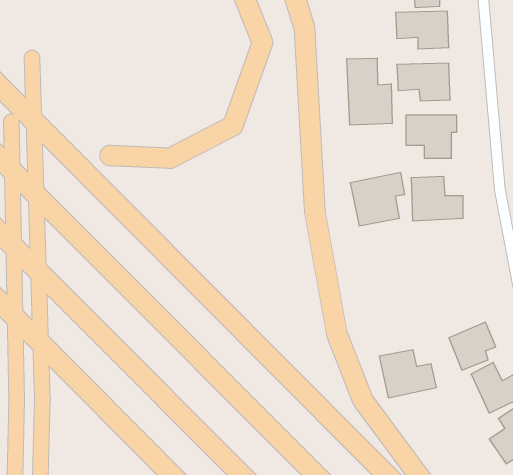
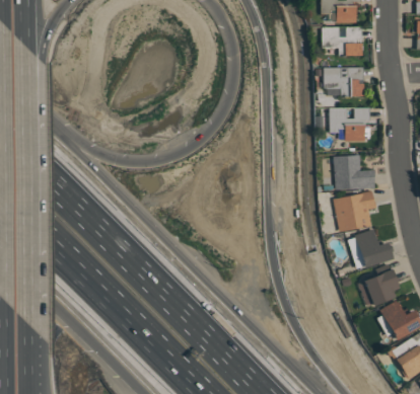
building: [347,58,392,125] -> none
building: [350,172,405,226] -> [333,190,375,232]
building: [379,350,437,398] -> [348,231,393,268]

